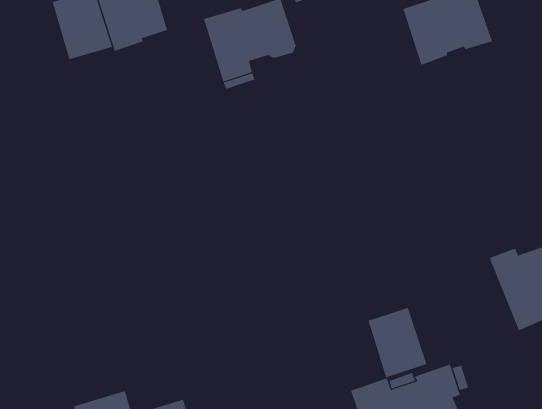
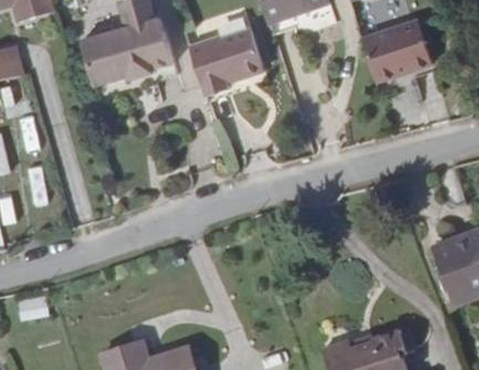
building: [368,307,427,378] -> none

